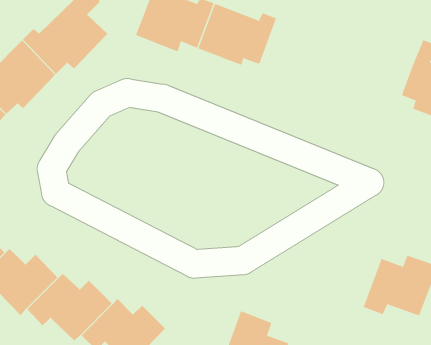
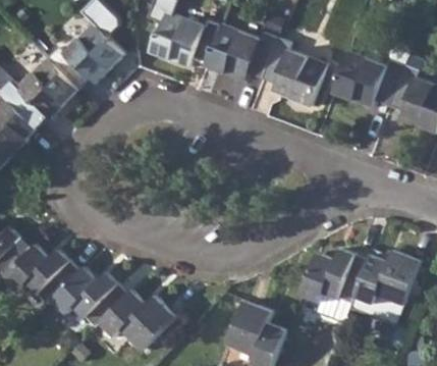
building: none -> [261,38,326,106]
building: none -> [332,51,407,108]
building: none -> [299,249,368,304]

